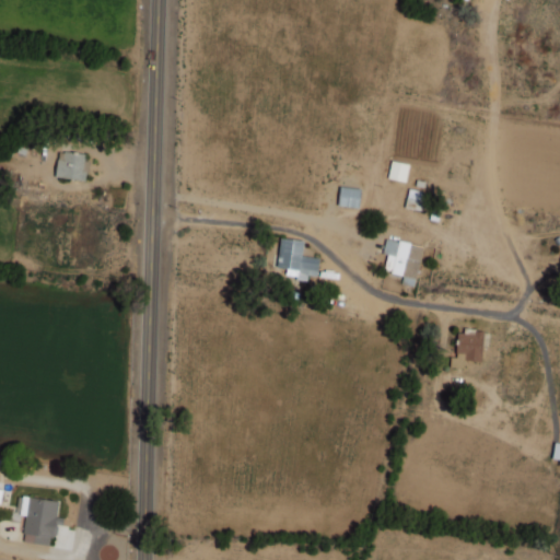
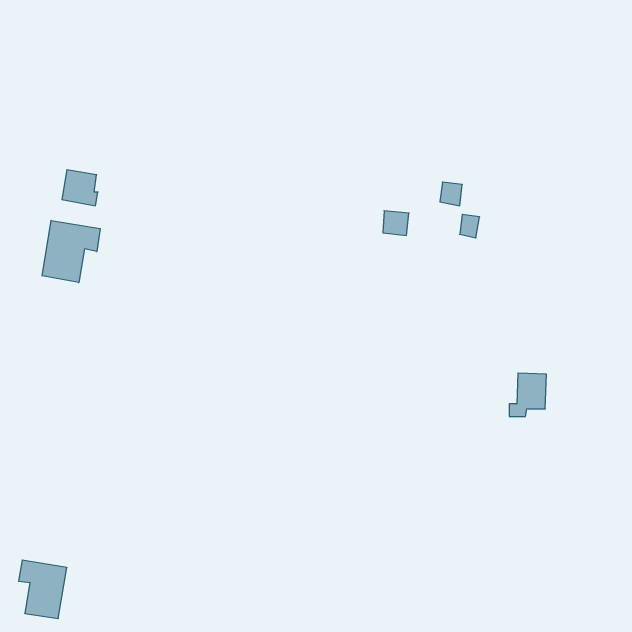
building: none -> [42,220,100,283]
building: [383,238,424,280] -> none
building: [279,240,319,277] -> none

